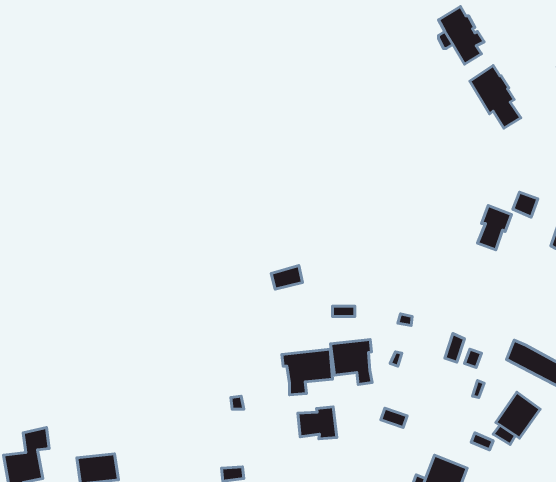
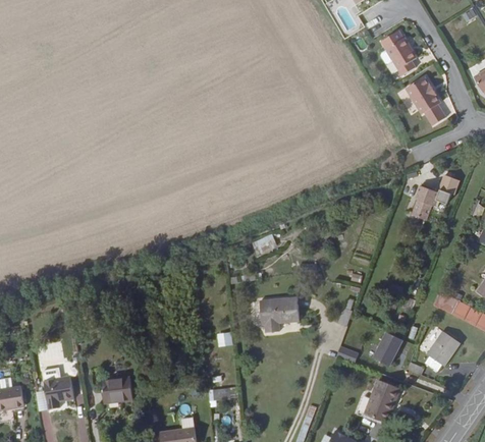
building: [331,340,372,385] -> none
building: none -> [372,328,402,364]
building: [298,407,337,439] -> none

